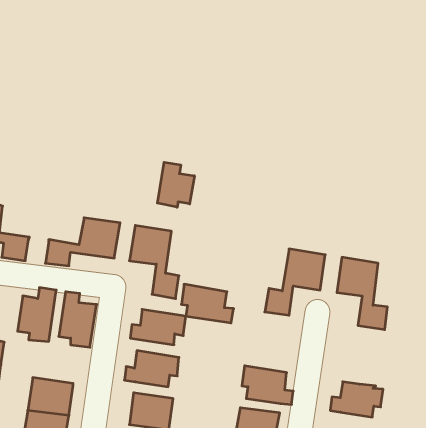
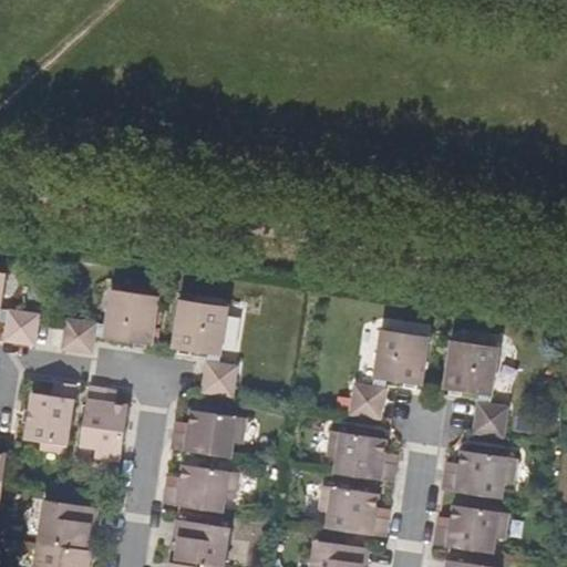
building: [157,162,194,207] -> none
building: [181,284,234,323] -> [327,430,395,481]
building: none -> [443,451,515,496]

